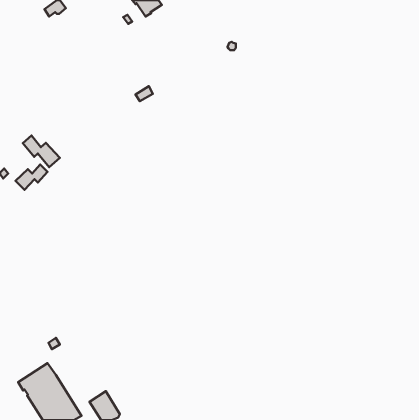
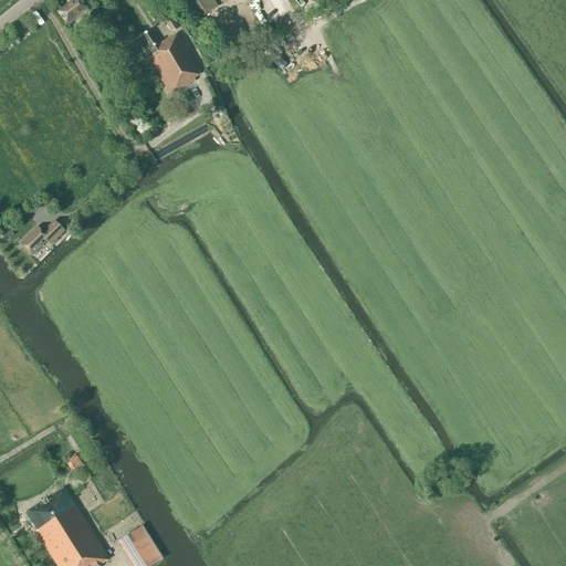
building: none -> [142,31,203,95]
building: [23,136,60,167] -> none

